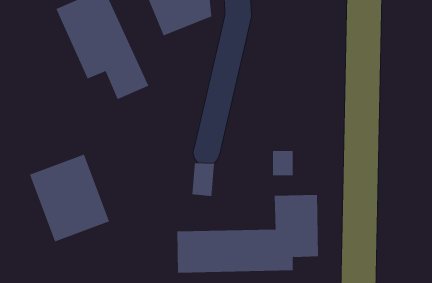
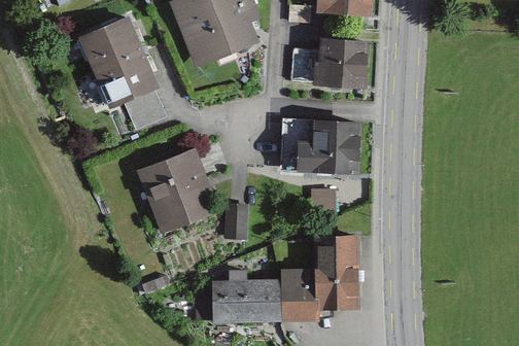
building: none -> [310,38,373,89]
building: none -> [292,123,362,173]
building: [29,154,110,242] -> [127,142,215,239]

